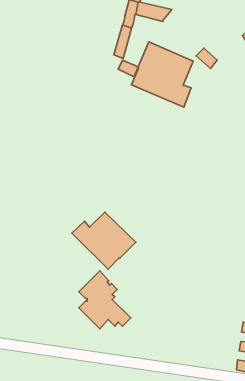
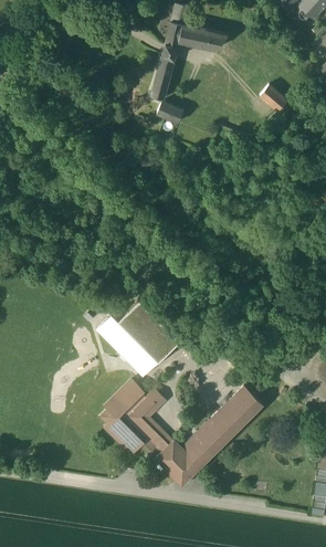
building: [131,42,193,107] -> none
building: none -> [155,386,264,485]

